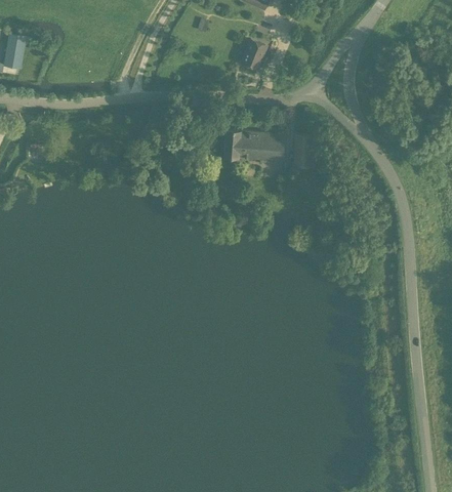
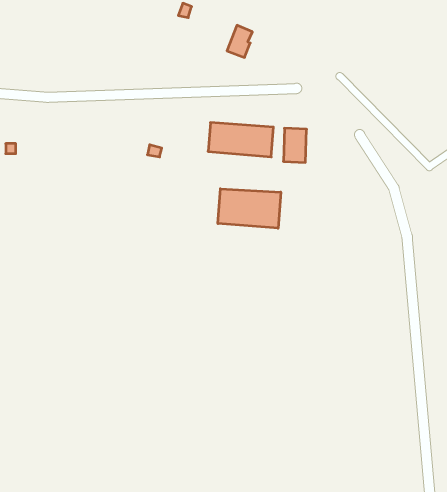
building: none -> [218,189,281,228]

